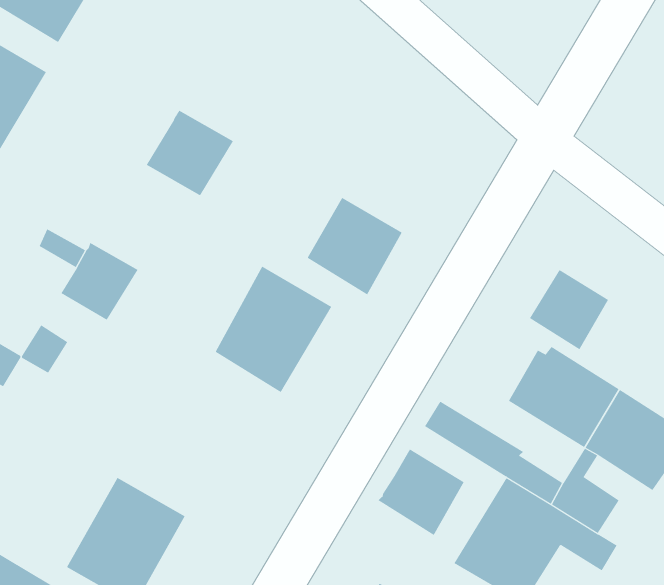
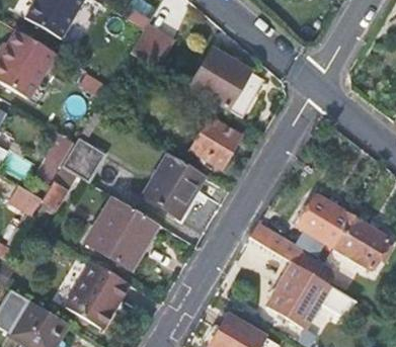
building: none -> [190,59,247,107]
building: [146,110,234,196] -> [131,25,176,70]
building: [529,269,609,350] -> none
building: none -> [87,197,157,268]
building: [378,448,465,536] -> none

